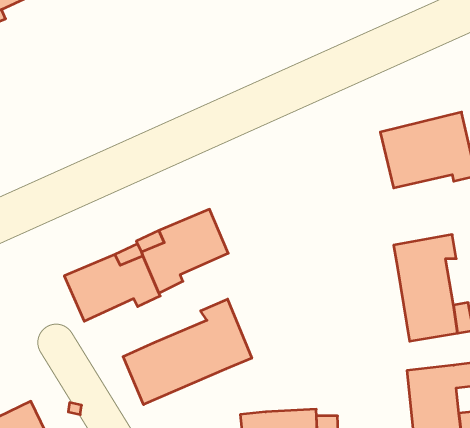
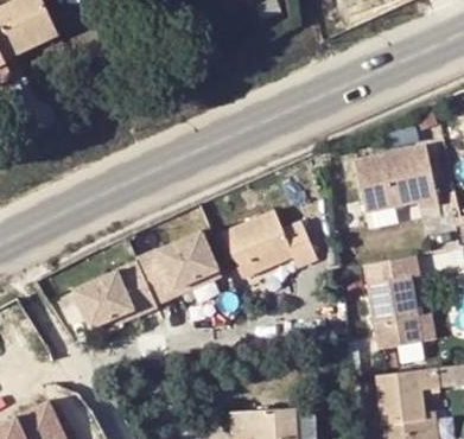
building: none -> [222,211,317,280]
building: [123,299,252,405] -> none

